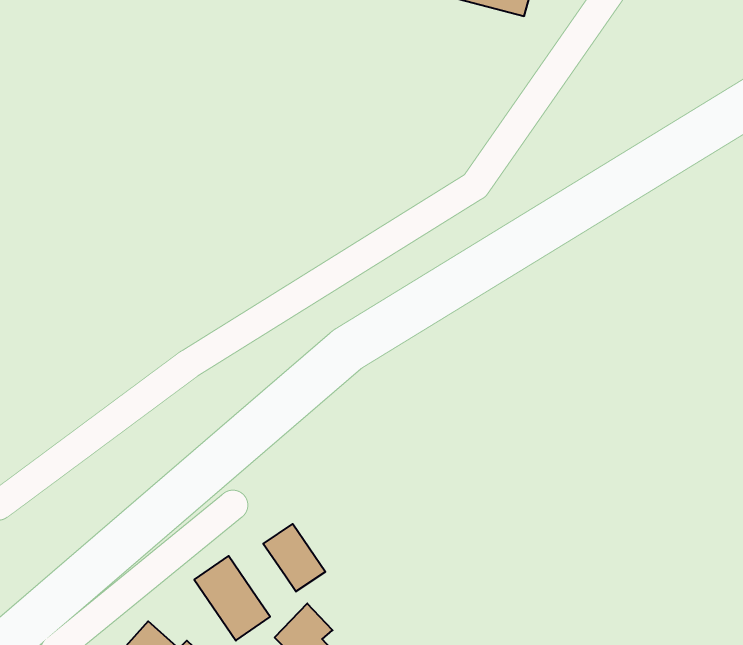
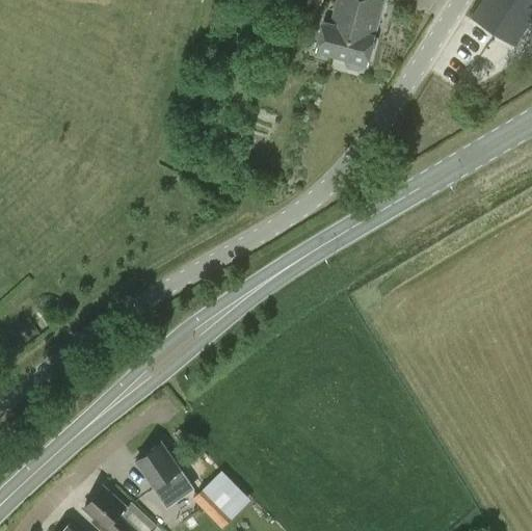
building: [263,524,325,592] -> none

